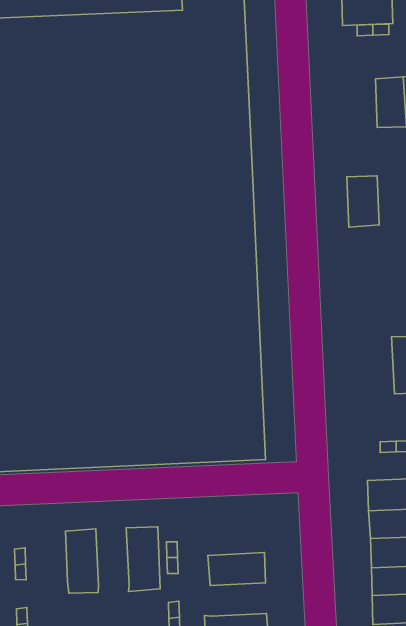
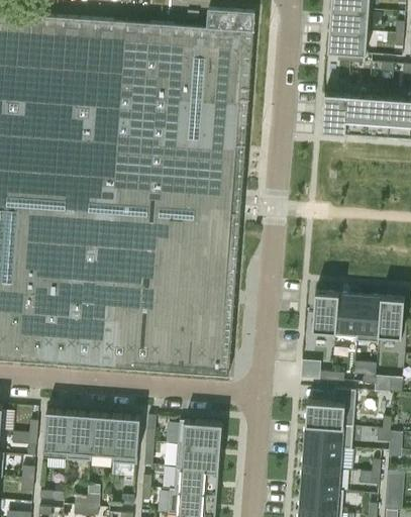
building: [347,176,379,227] -> [320,95,346,134]
building: none -> [309,293,335,338]
building: none -> [176,420,221,447]
building: none -> [90,414,116,459]
building: none -> [42,411,70,451]
building: none -> [173,468,217,494]

